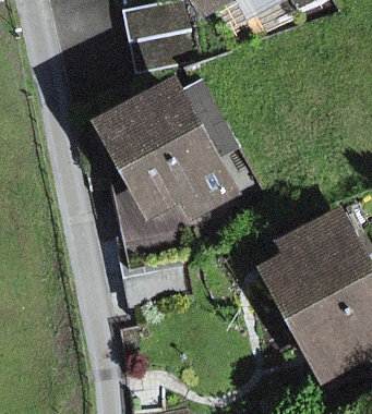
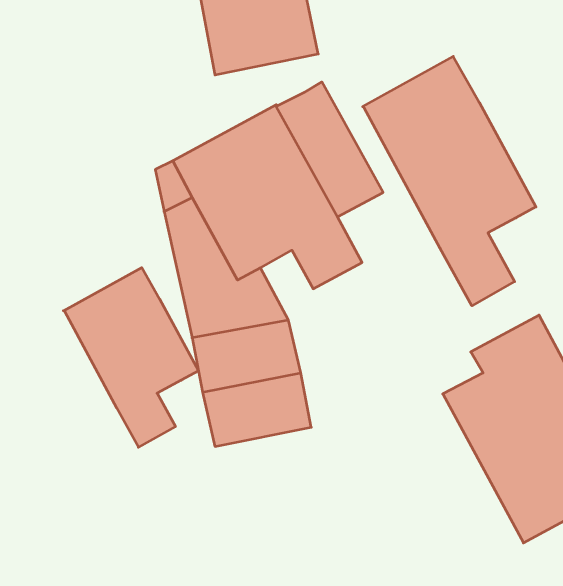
building: none -> [363,56,536,306]
building: none -> [63,268,198,447]

